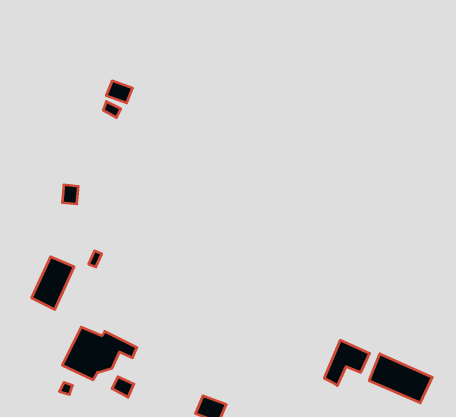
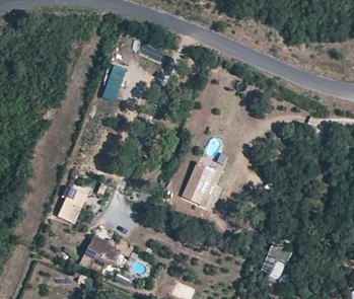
building: none -> [182,162,220,209]
building: [369,354,432,403] -> none

